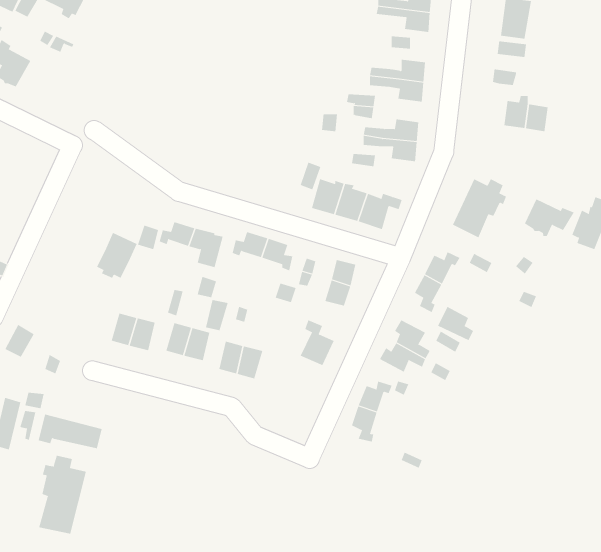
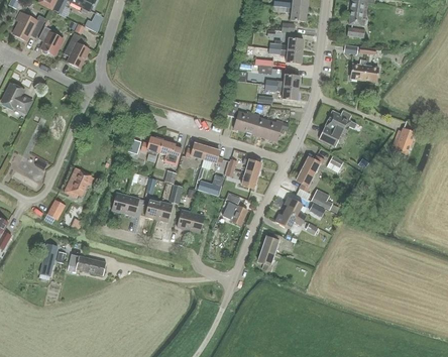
building: none -> [63,32,89,68]
building: [524,198,574,237] -> none
building: [96,232,138,279] -> [66,167,91,196]
building: [39,455,87,535] -> none

